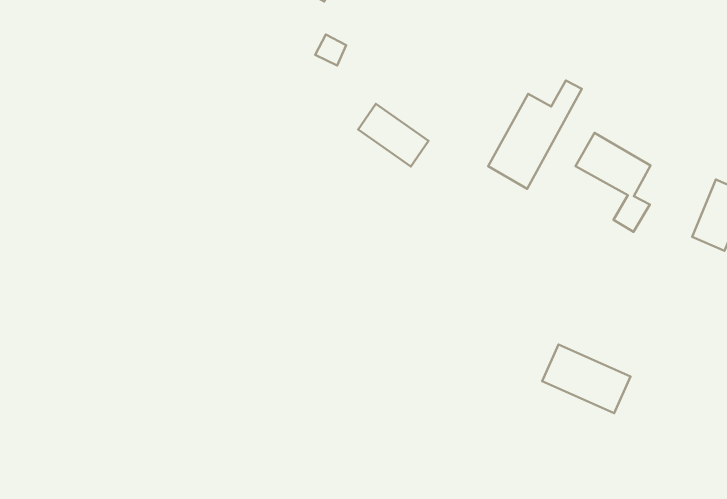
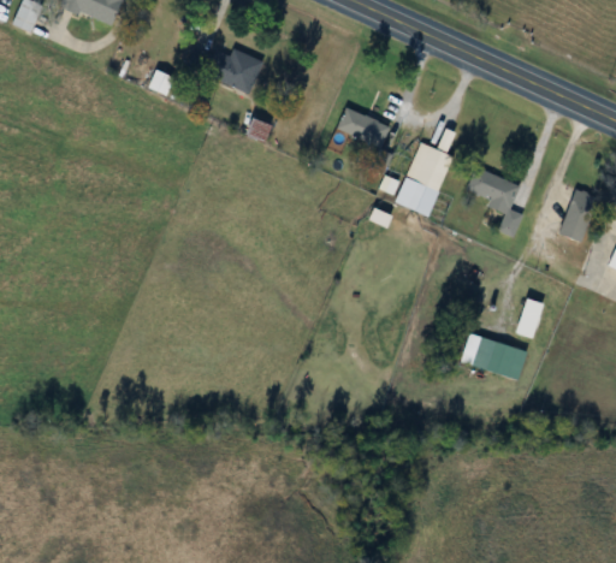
building: [358,104,428,166] -> [336,105,391,149]
building: none -> [517,297,543,338]

